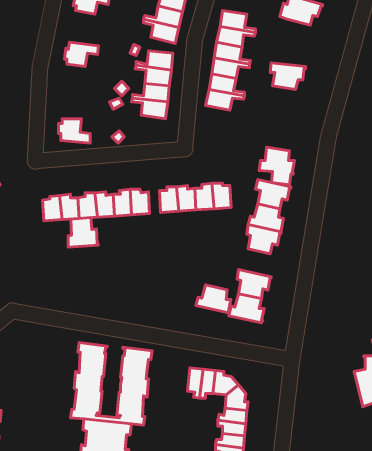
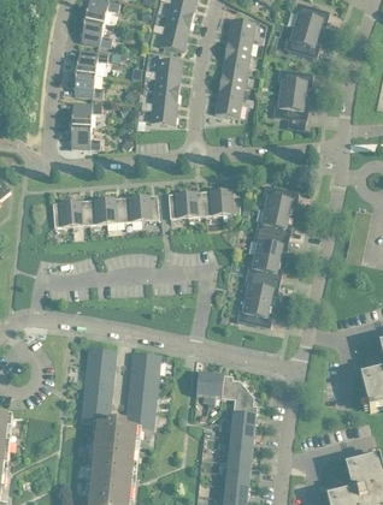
building: none -> [79,18,112,47]
building: none -> [284,26,319,57]
building: none -> [72,71,104,97]
building: none -> [69,102,102,125]
building: [259,147,295,185] -> [273,93,308,130]
building: [68,218,98,247] -> none
building: [196,285,231,313] -> [247,254,282,281]

